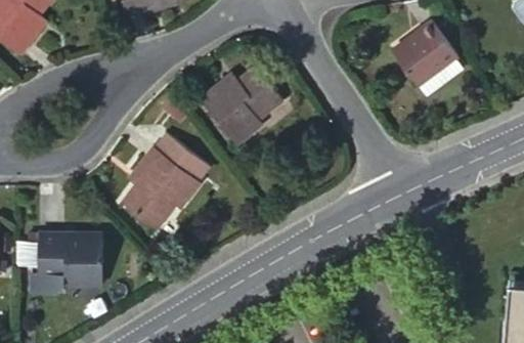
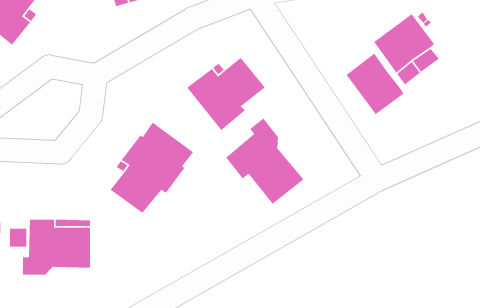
building: none -> [346,53,404,115]
building: none -> [225,118,304,205]

